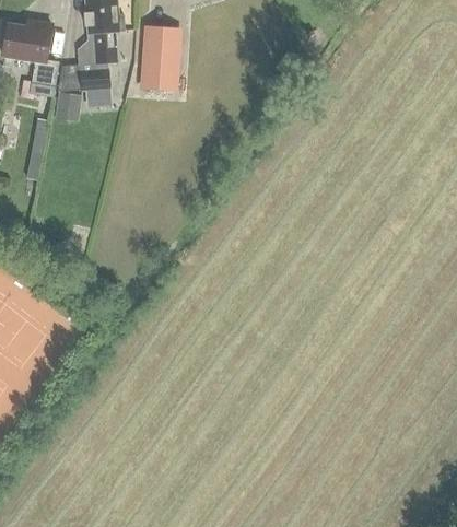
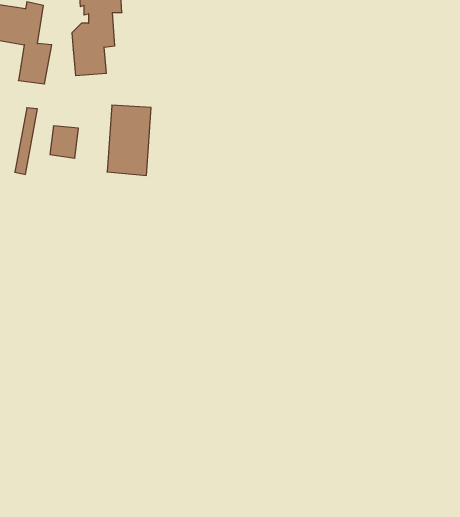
building: [141,25,181,90] -> [107,105,151,175]
building: [55,92,81,121] -> [50,126,78,158]

